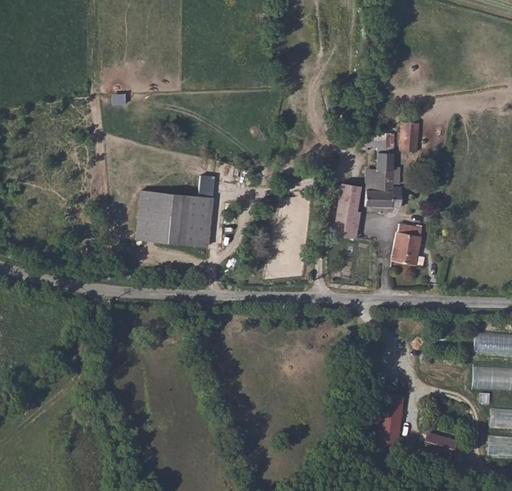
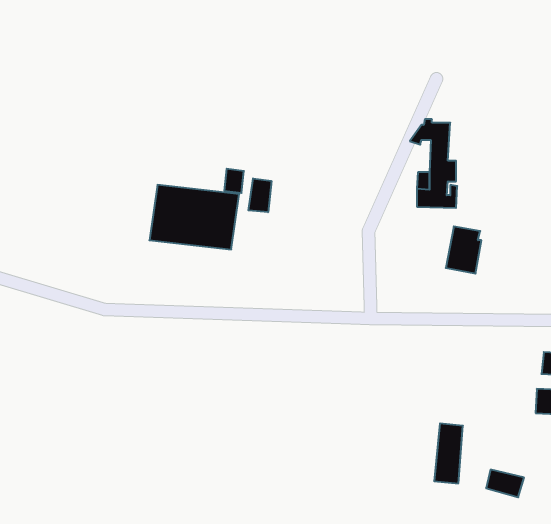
building: [399,122,420,153] -> none
building: none -> [248,178,271,212]
building: [334,184,357,238] -> none

